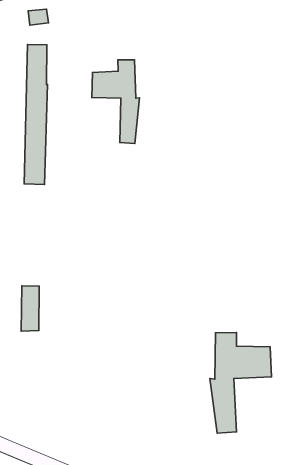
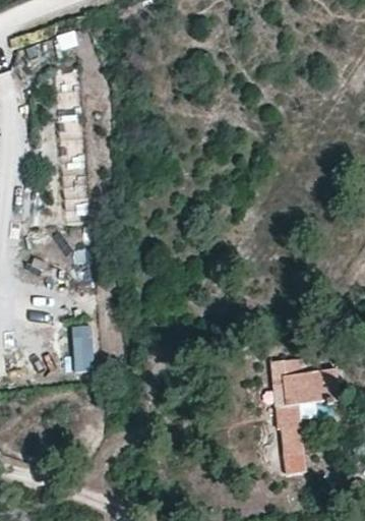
building: [92,60,140,143] -> none

